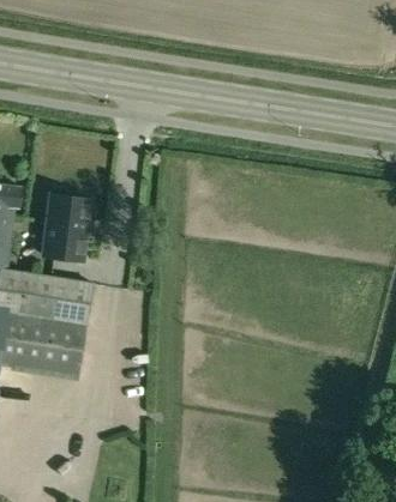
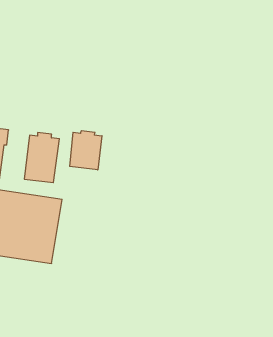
building: none -> [70,131,102,170]

